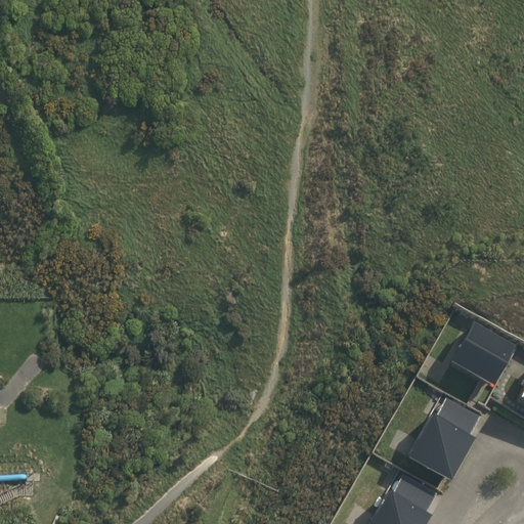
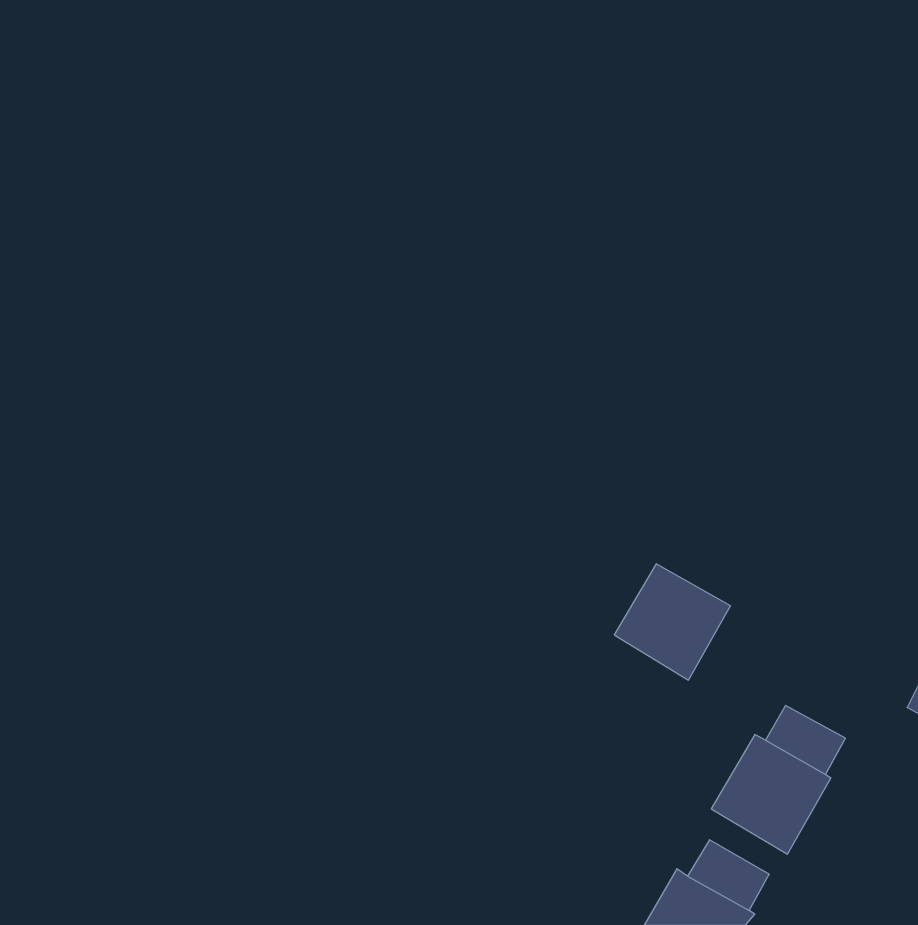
building: [449,321,515,387] -> [614,564,730,680]

